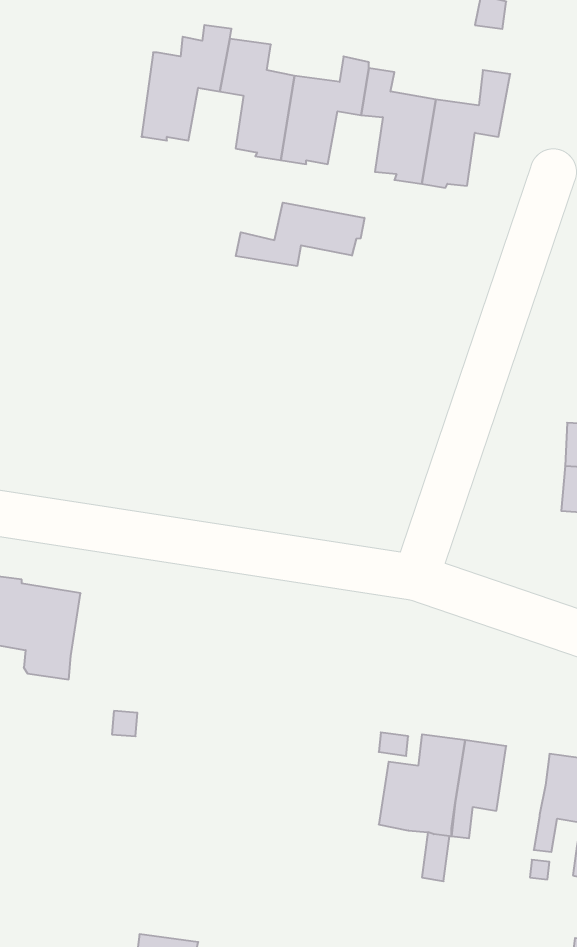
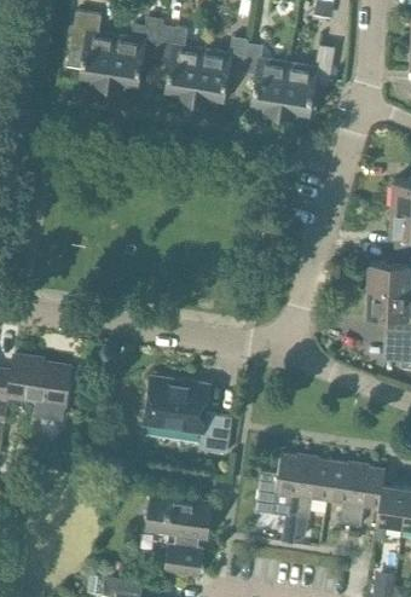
building: none -> [68,12,115,87]
building: [236,203,364,266] -> none
building: none -> [144,377,232,456]
building: none -> [326,463,359,527]
building: none -> [149,495,212,576]

